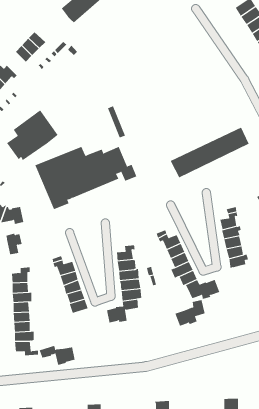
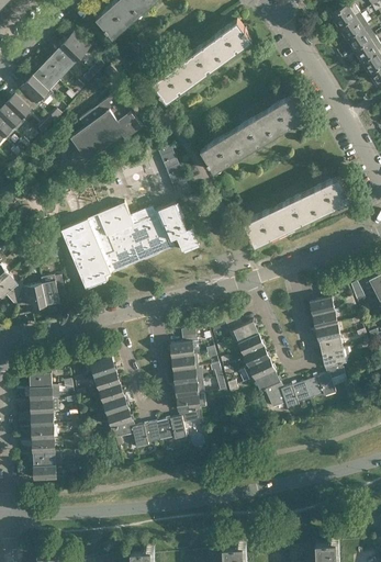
building: none -> [149,20,250,103]
building: none -> [59,33,88,63]
building: none -> [22,76,52,108]
building: none -> [199,95,303,172]
building: [6,110,58,161] -> [69,93,139,162]
building: [5,233,23,255] -> [40,276,63,305]
building: [175,300,206,326] -> [303,363,345,400]
building: [39,345,75,366] -> [110,422,159,449]

